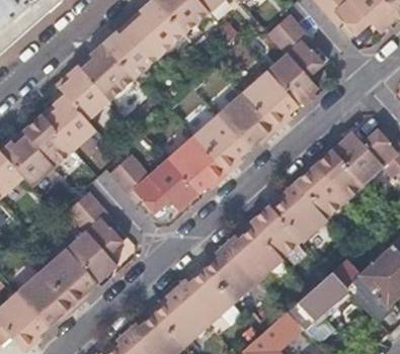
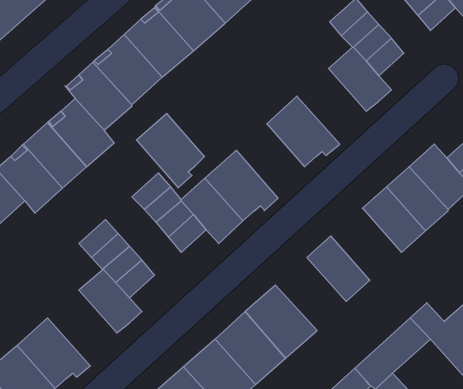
building: [242,71,298,131] -> none
building: [193,115,248,175] -> [136,114,205,188]
building: [269,183,327,242] -> none
building: [225,223,283,281] -> none
building: [42,249,97,309] -> none

